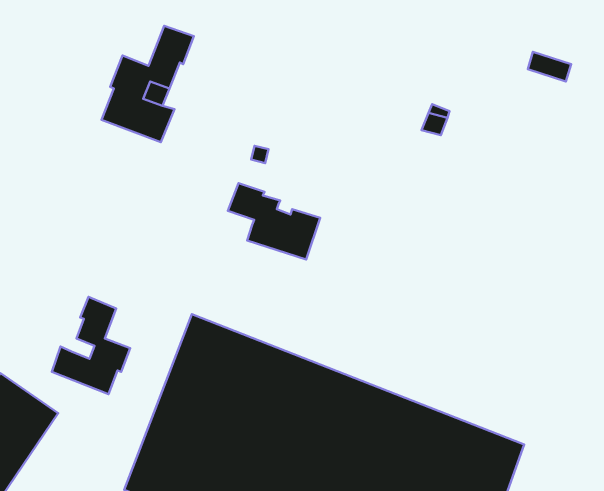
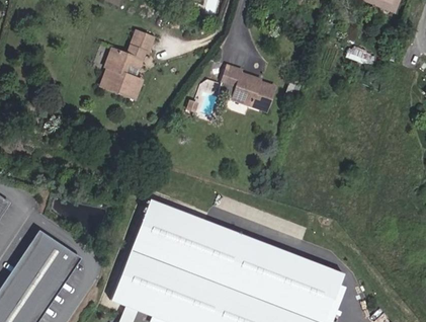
building: [228,183,320,260] -> [222,65,275,109]
building: [52,297,130,394] -> none

